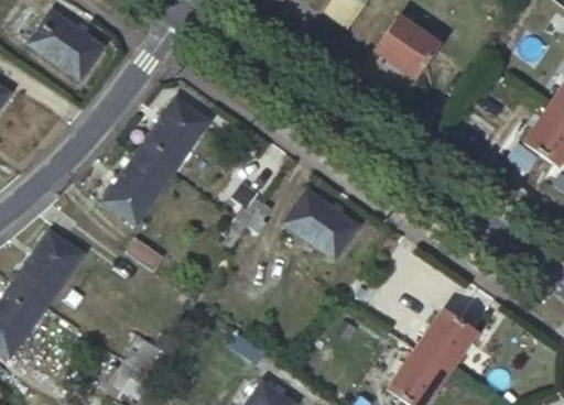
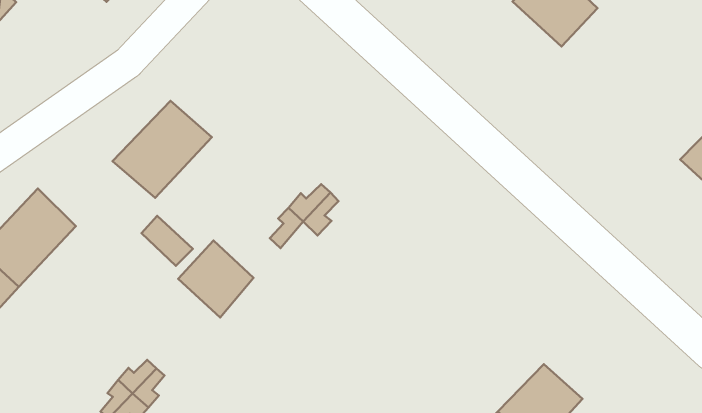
building: [138,98,208,173] -> none
building: [283,191,357,261] -> none
building: none -> [178,240,254,318]

